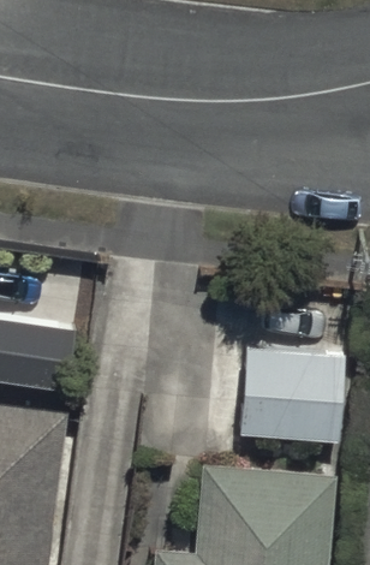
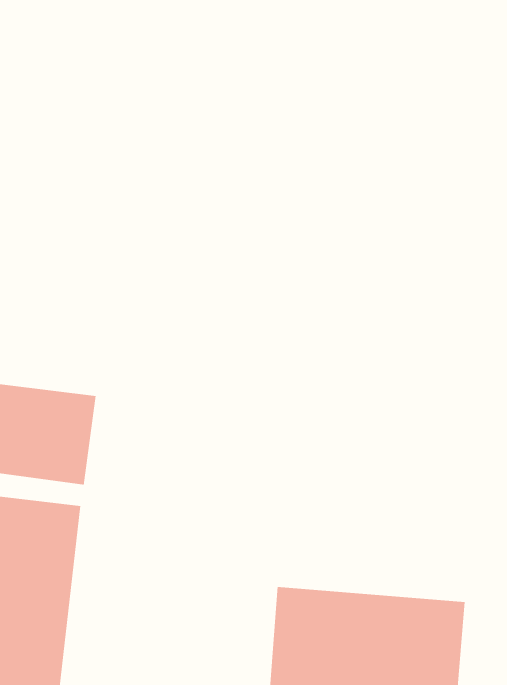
building: [243,347,344,442] -> none

